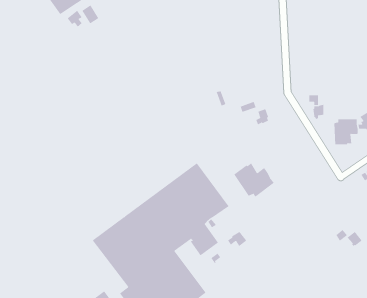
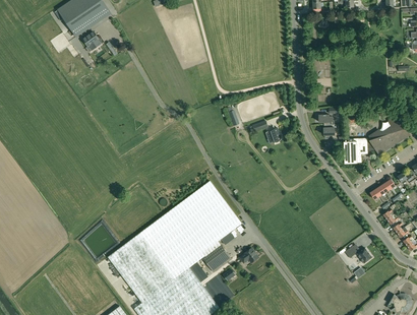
building: [233,163,275,197] -> none

